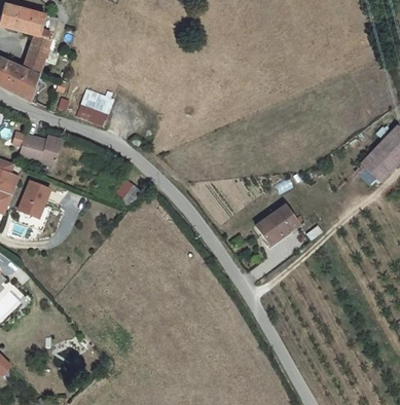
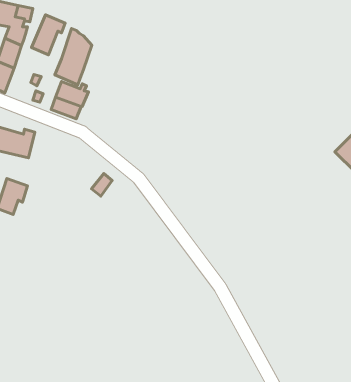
building: none -> [31,15,65,55]
building: none -> [55,29,92,85]
building: [257,205,295,241] -> none

